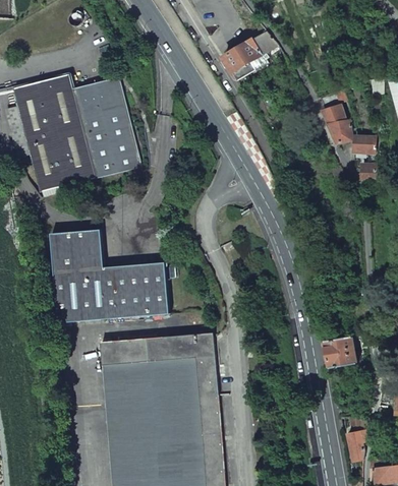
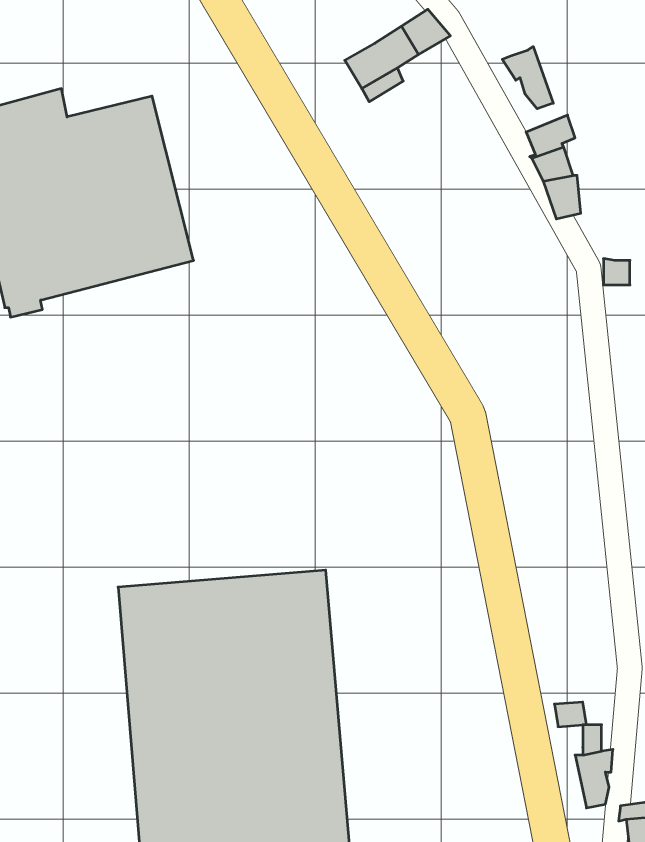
building: none -> [502,47,553,109]
building: [351,135,375,166] -> none
building: [51,230,168,322] -> none
building: [324,336,355,368] -> none

